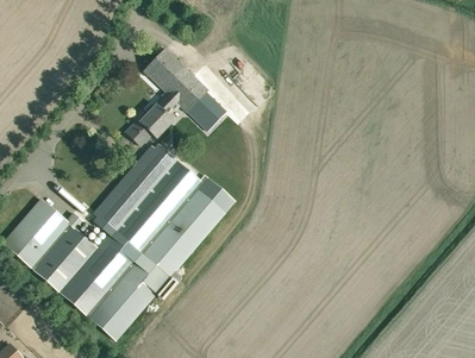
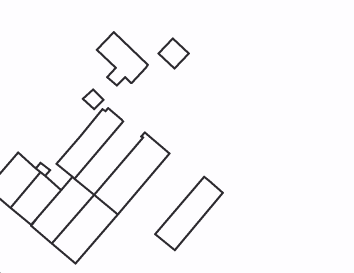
building: [187,93,225,131] -> [159,39,189,69]
building: [139,105,173,138] -> none
building: [114,161,200,253] -> [155,177,223,250]

